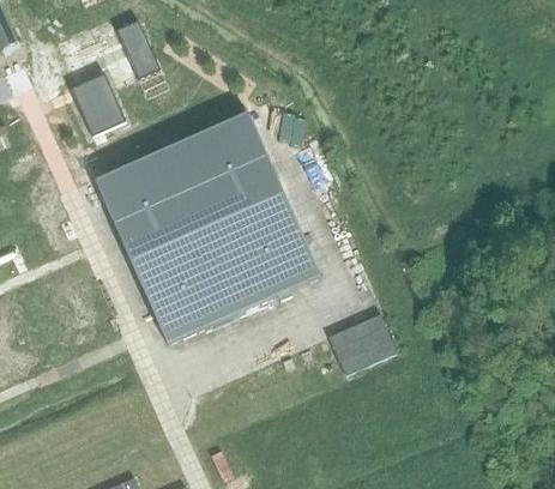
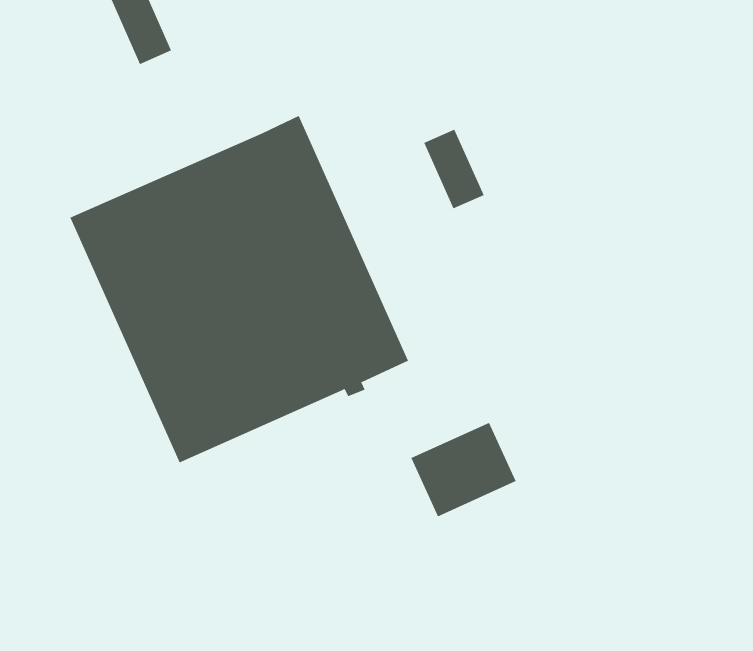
building: [65,71,121,134] -> none
building: none -> [424,129,484,209]

